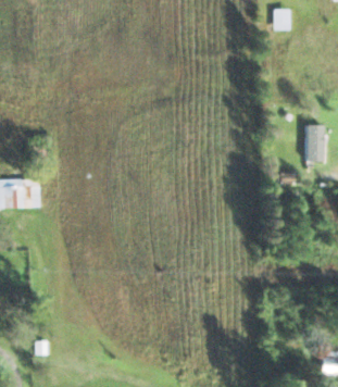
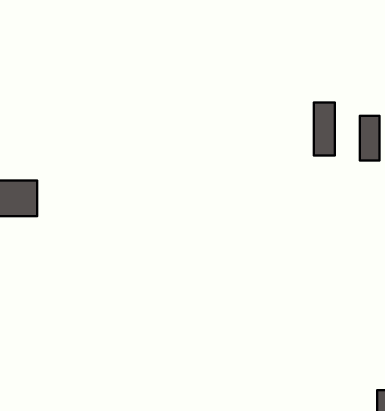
building: none -> [314,102,335,155]

